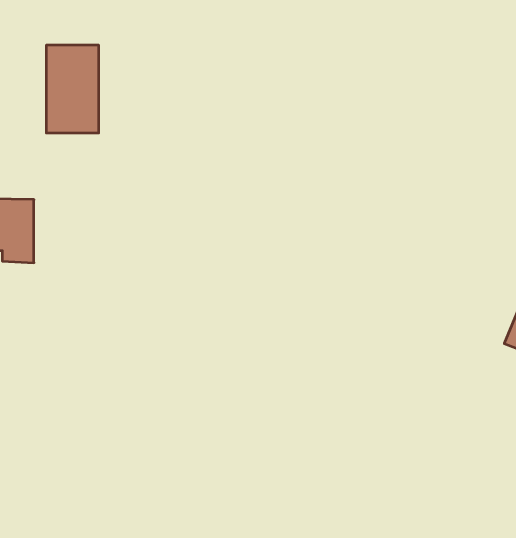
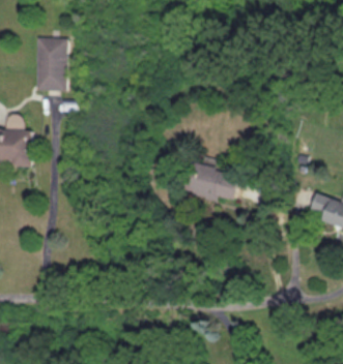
building: none -> [183,163,238,202]

